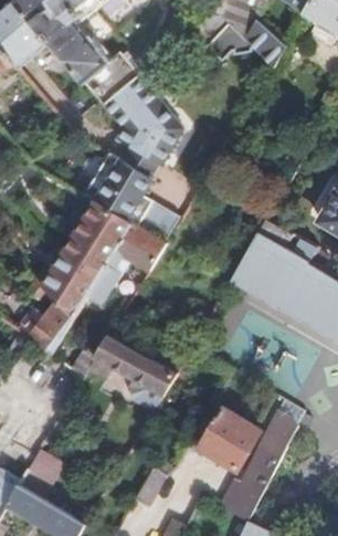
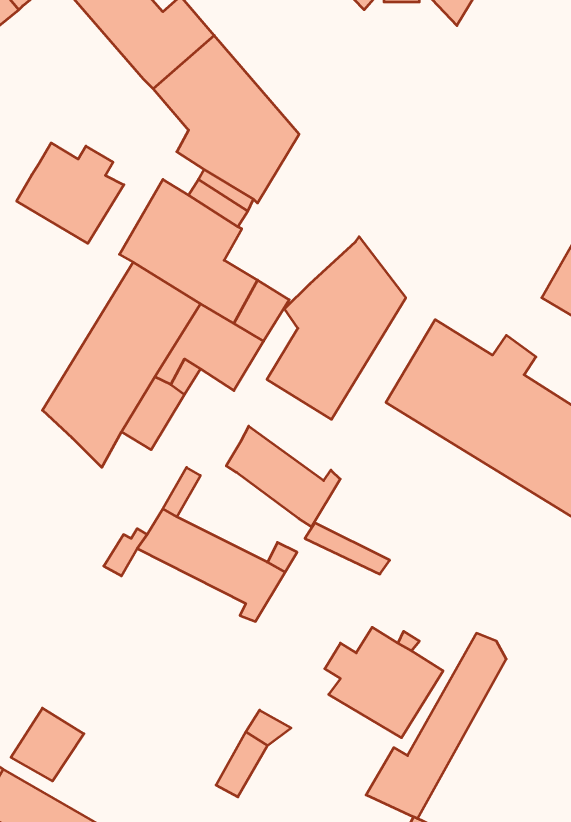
building: none -> [17,143,124,243]
building: none -> [267,237,406,419]
building: none -> [226,426,340,527]
building: [29,299,72,355] -> none

